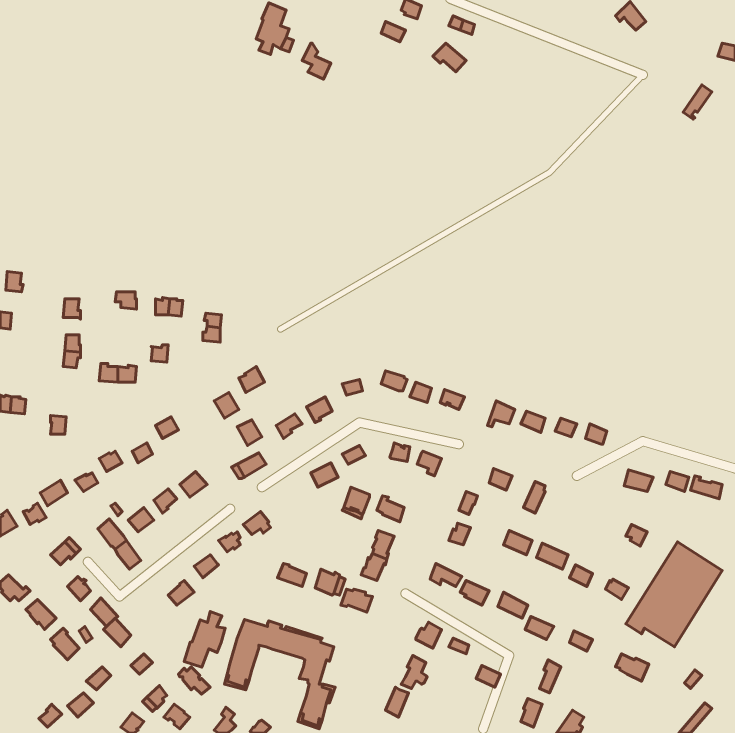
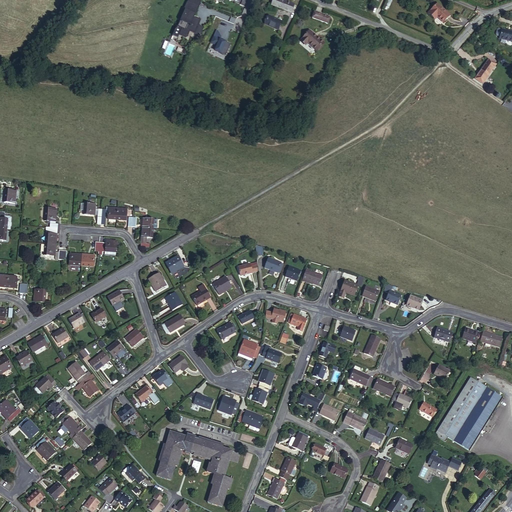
building: [184,612,225,667] -> none

